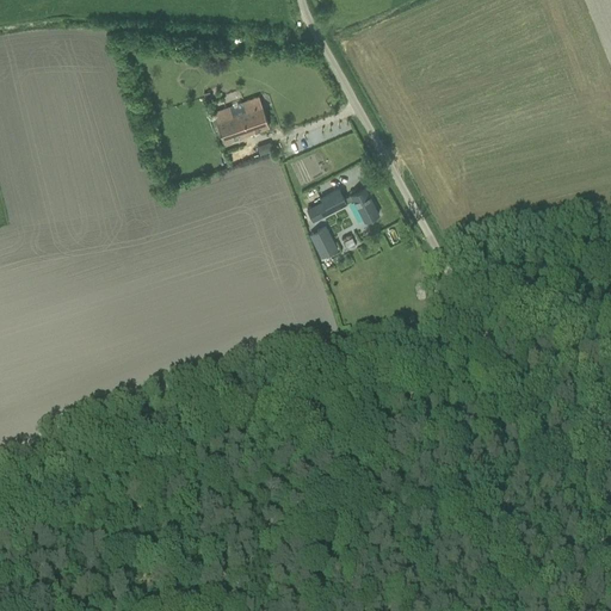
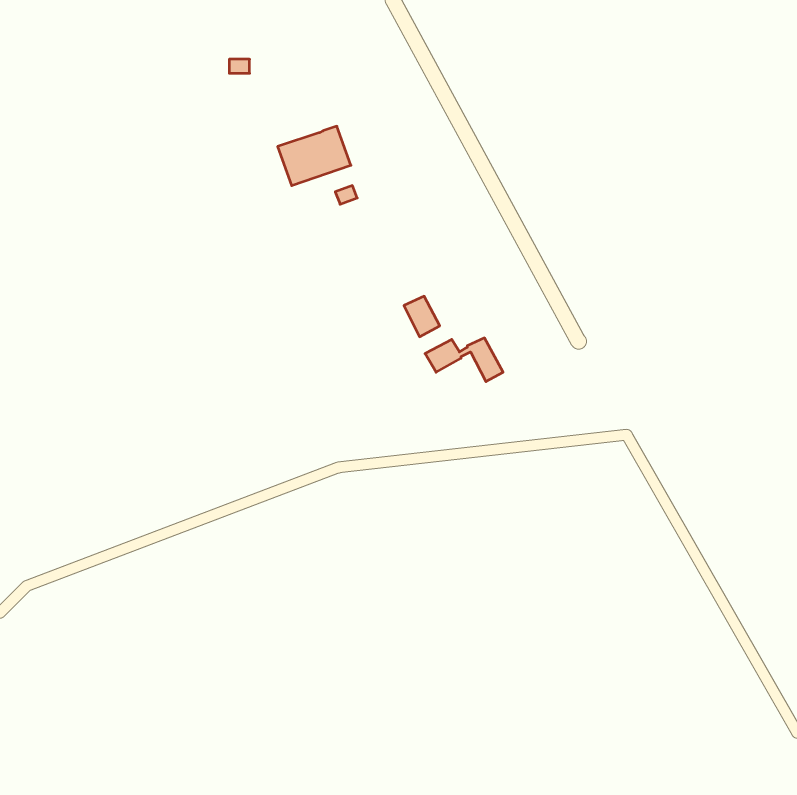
building: [319,189,378,222] -> [425,338,503,382]

